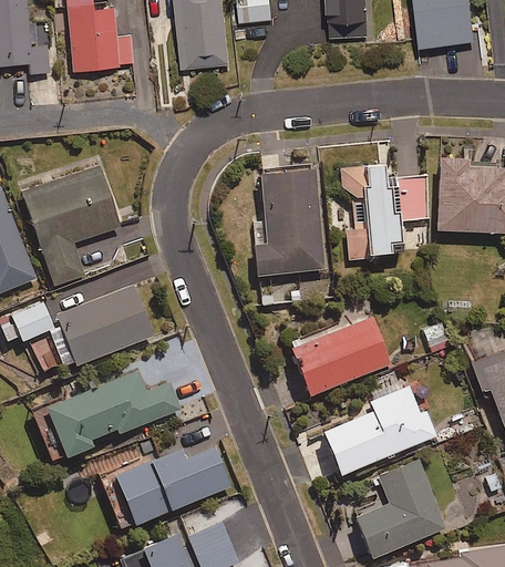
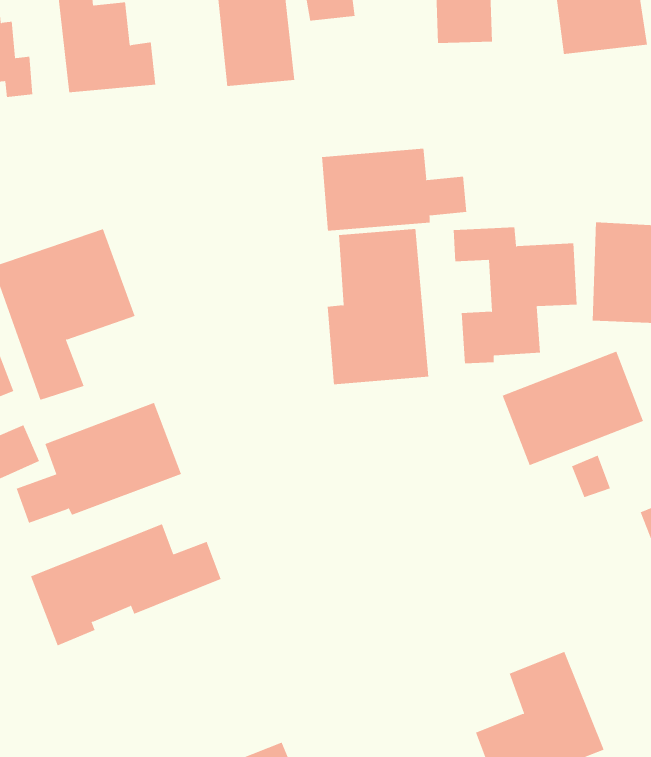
building: none -> [321,148,467,232]
building: [291,316,390,395] -> [502,351,644,466]
building: [323,386,436,474] -> none
building: [105,444,239,525] -> none

